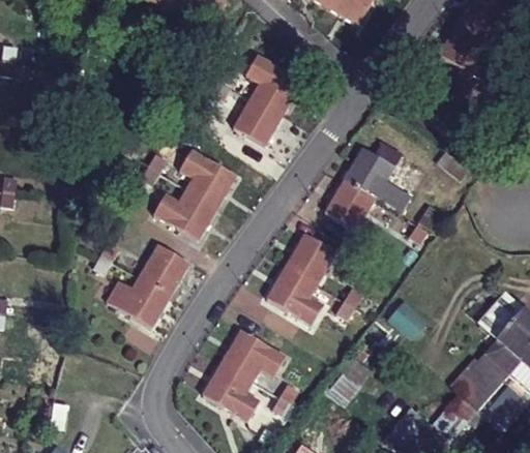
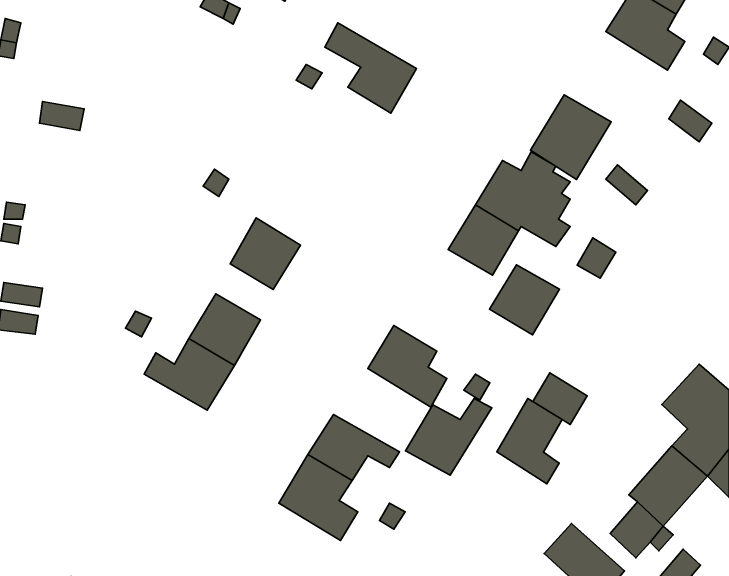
building: [233,95,283,145] -> none
building: none -> [530,95,611,179]
building: [179,149,236,209] -> none
building: [285,235,335,285] -> [489,265,560,335]
building: none -> [405,398,492,475]
building: none -> [497,398,562,484]

